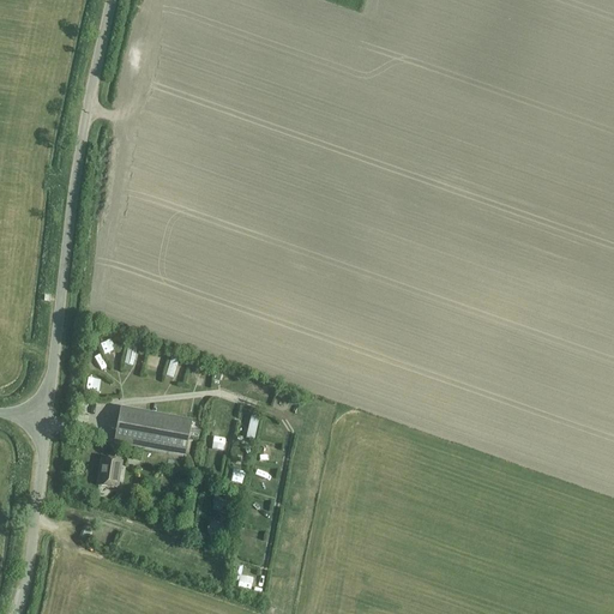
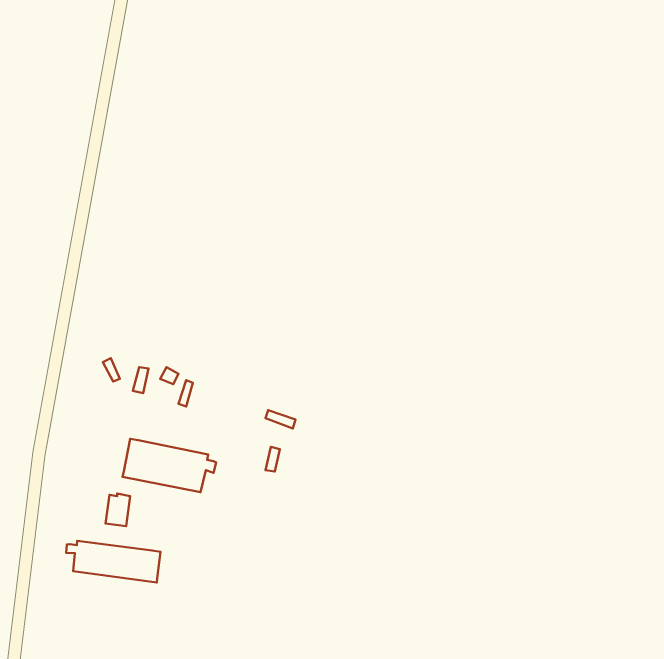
building: none -> [66,541,161,582]

